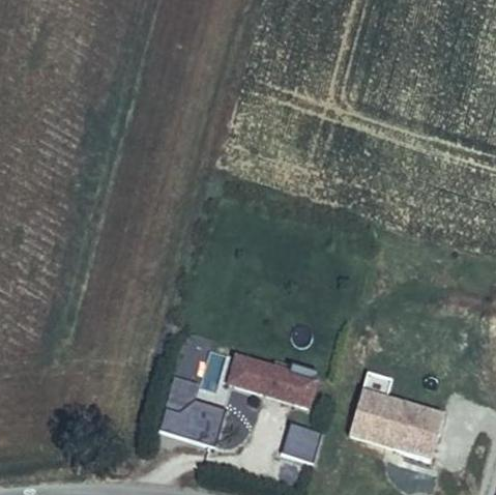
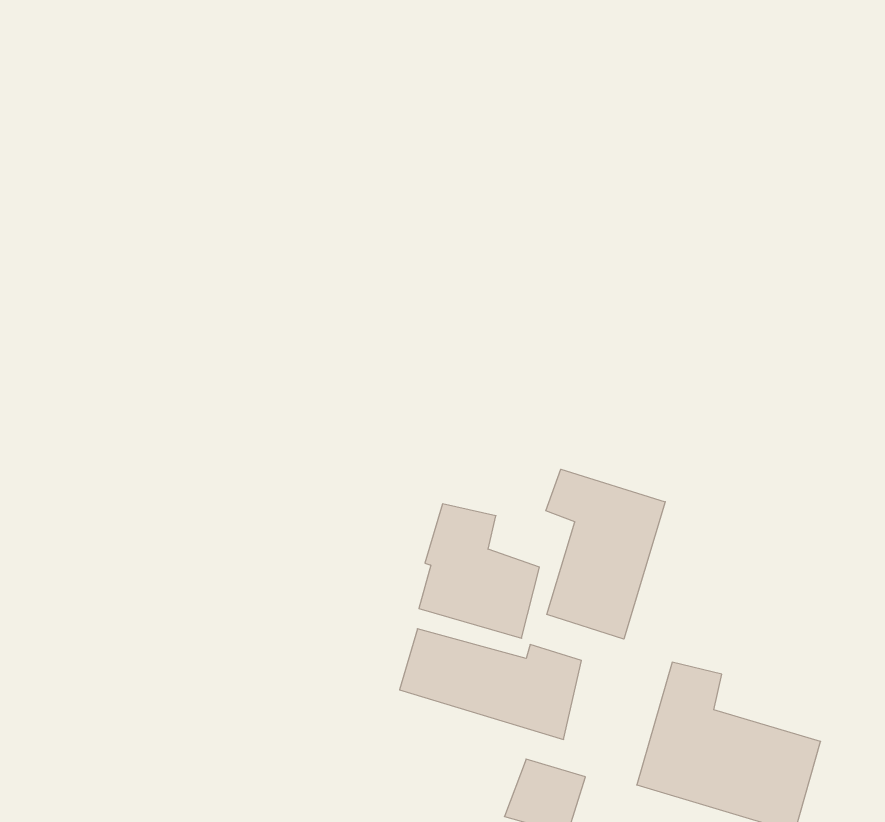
building: none -> [546,469,665,639]
building: [162,376,225,446] -> [419,504,539,638]

